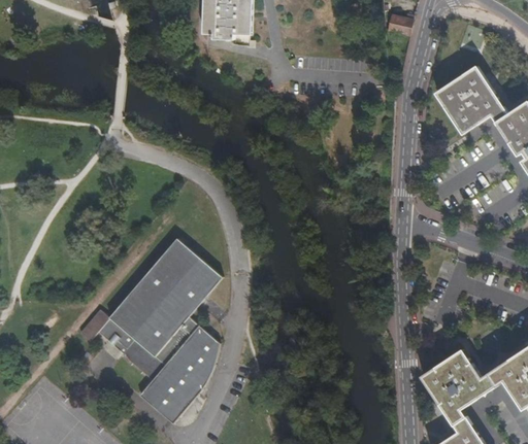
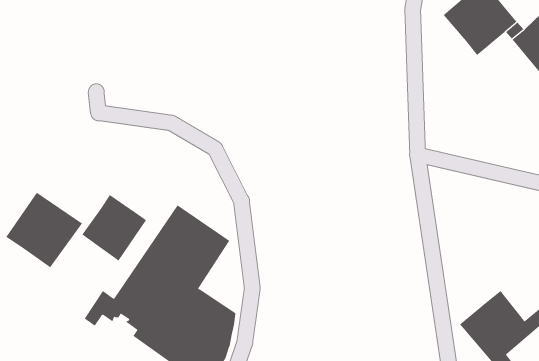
building: none -> [5,192,83,268]
building: none -> [82,194,147,261]

